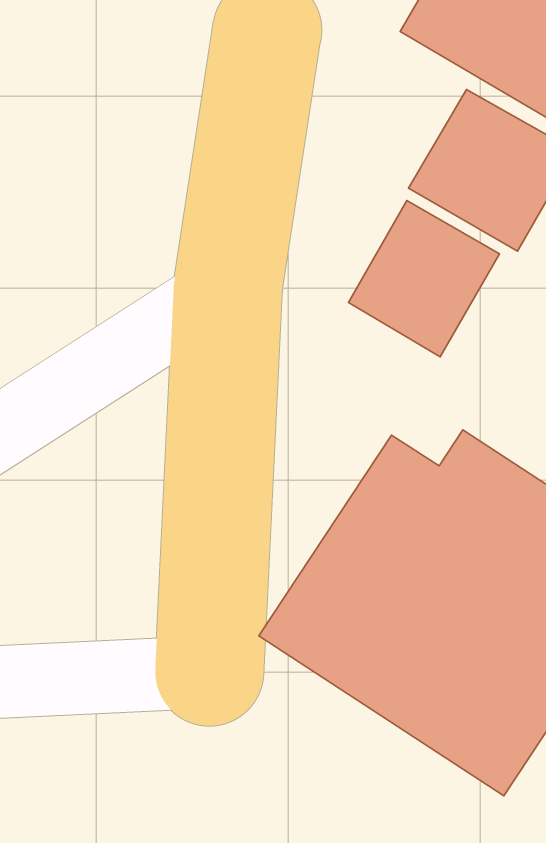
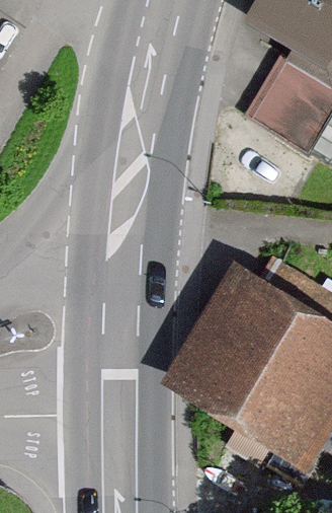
building: [349,200,499,357] -> none

